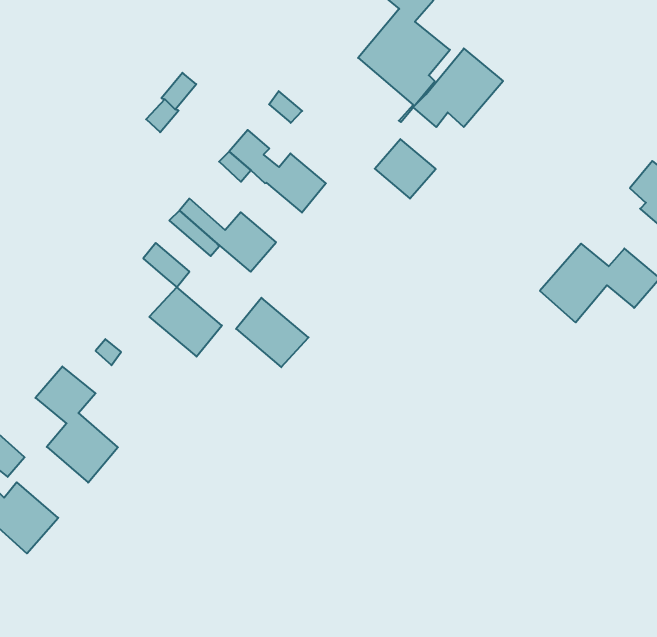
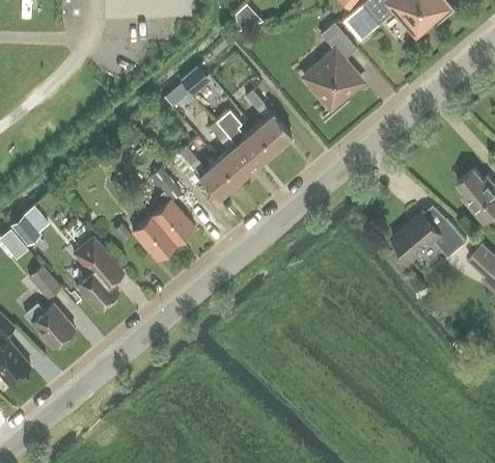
building: [413,48,503,127] -> none
building: [375,139,436,199] -> [254,113,292,151]
building: none -> [218,144,255,182]
building: [236,298,309,367] -> [133,215,176,260]

